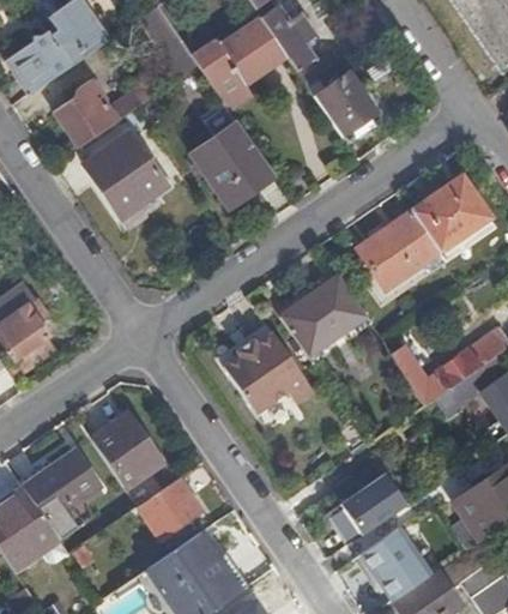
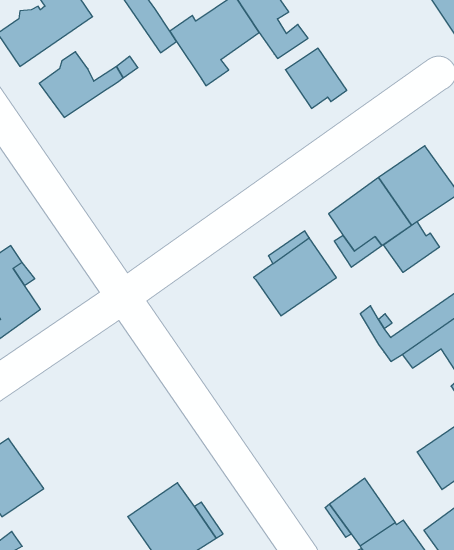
building: [190,104,277,209] -> none
building: [83,130,168,216] -> none
building: none -> [383,222,439,272]
building: [217,323,313,413] -> none
building: [91,413,161,487] -> none
building: [22,449,99,520] -> none
building: [319,457,411,543] -> none
building: [138,476,202,538] -> none

